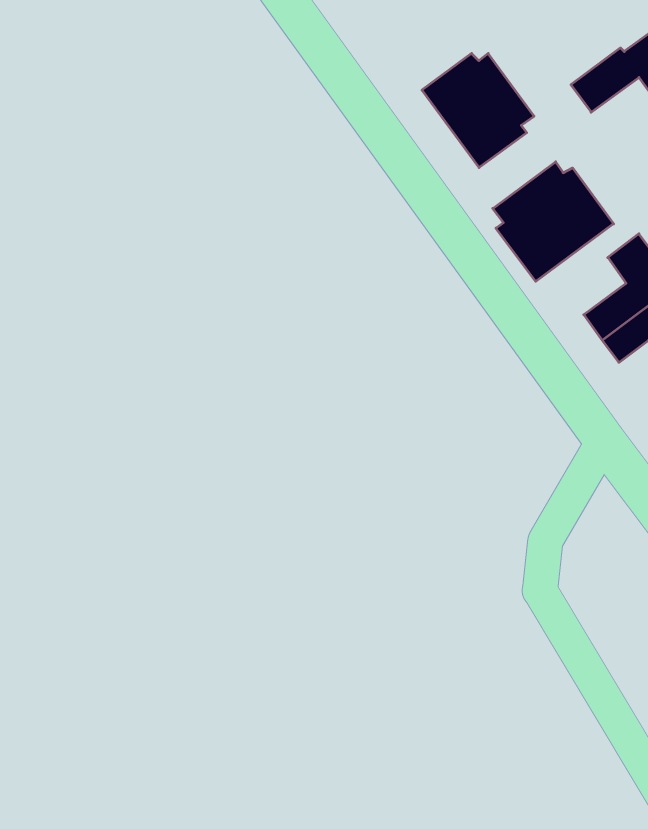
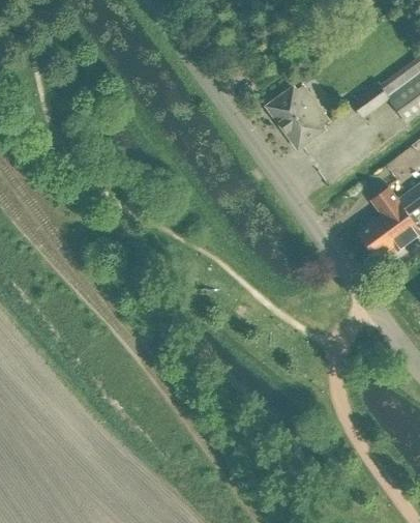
building: [493,162,614,281] -> none

